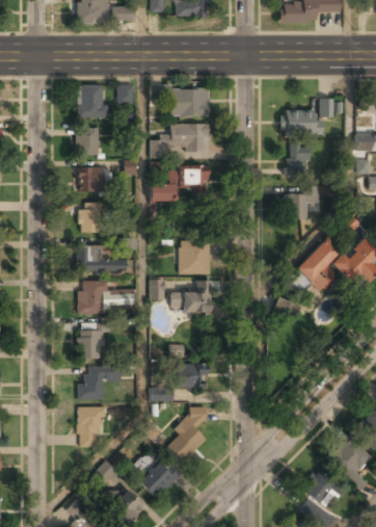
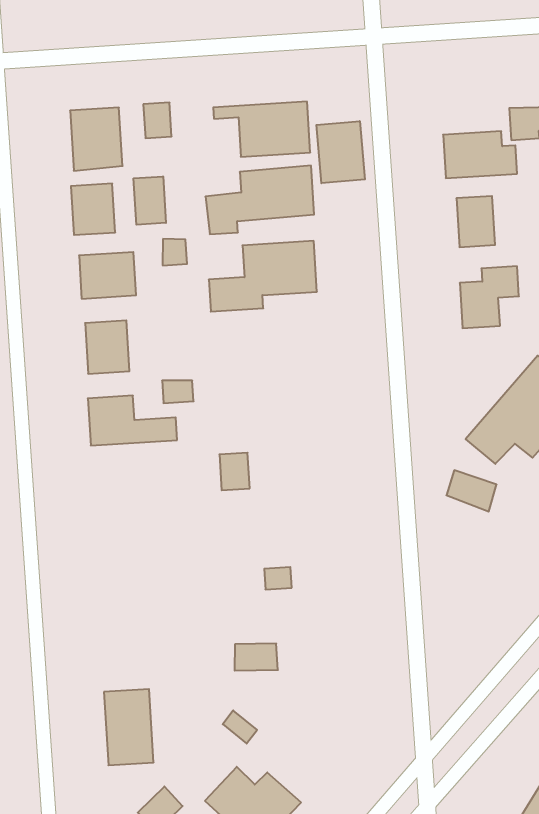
building: none -> [316,121,365,183]
building: none -> [134,176,166,225]
building: [179,241,210,274] -> none
building: [78,280,131,313] -> none
building: [170,281,210,312] -> none
building: [77,327,102,359] -> none
building: [180,365,206,389] -> none
building: [78,366,122,400] -> none
building: [168,403,210,462] -> none

